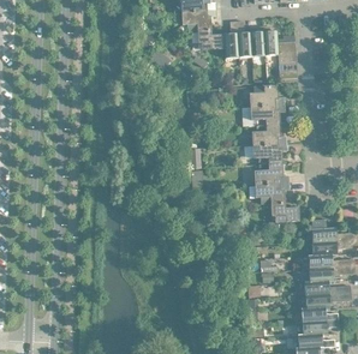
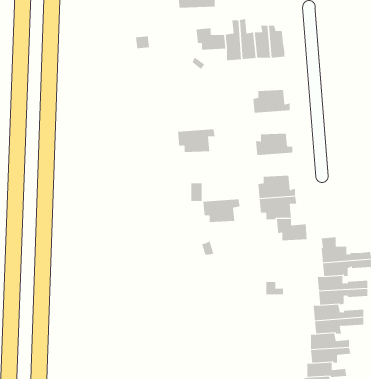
building: [180,8,215,30] -> none
building: [249,103,284,125] -> [177,129,215,153]
building: [251,142,286,163] -> [202,199,241,222]

